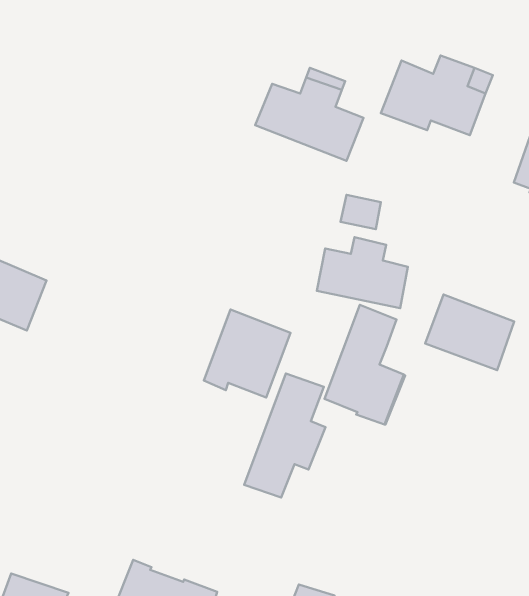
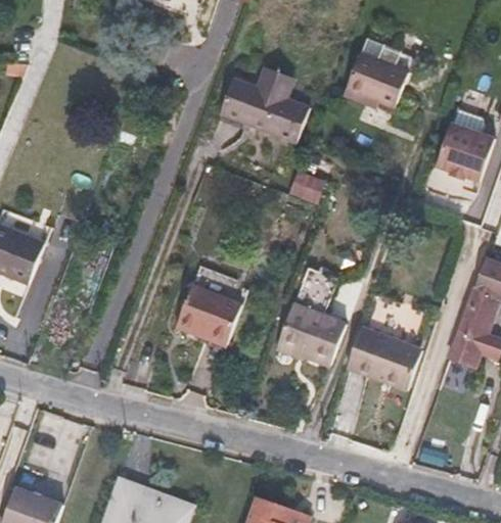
building: [317,237,408,308] -> none
building: [425,295,514,370] -> [346,326,420,389]
building: [244,373,326,497] -> none

